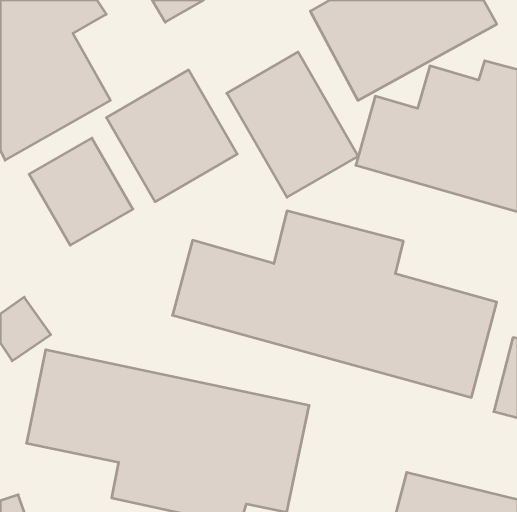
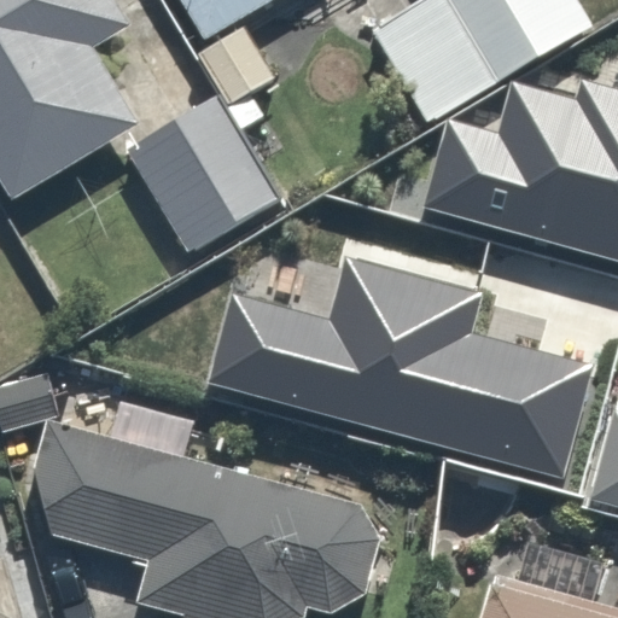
building: [227,52,358,197] -> none
building: [29,138,133,245] -> none

